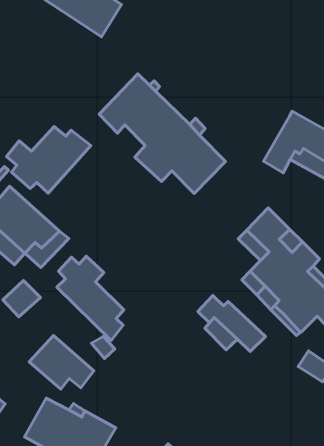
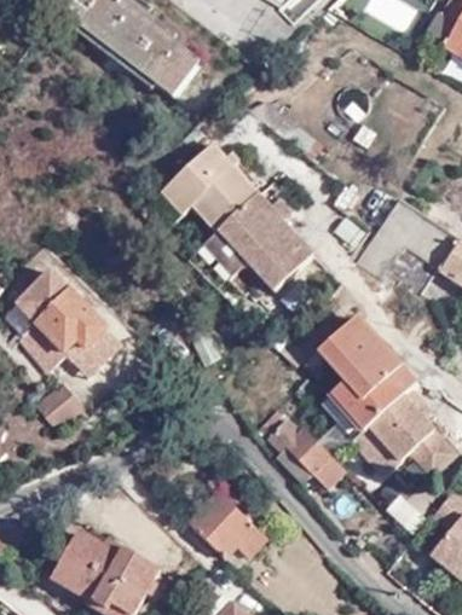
building: [6,127,91,193] -> none
building: [57,256,124,340] -> none
building: [29,335,94,389] -> [187,492,265,557]

